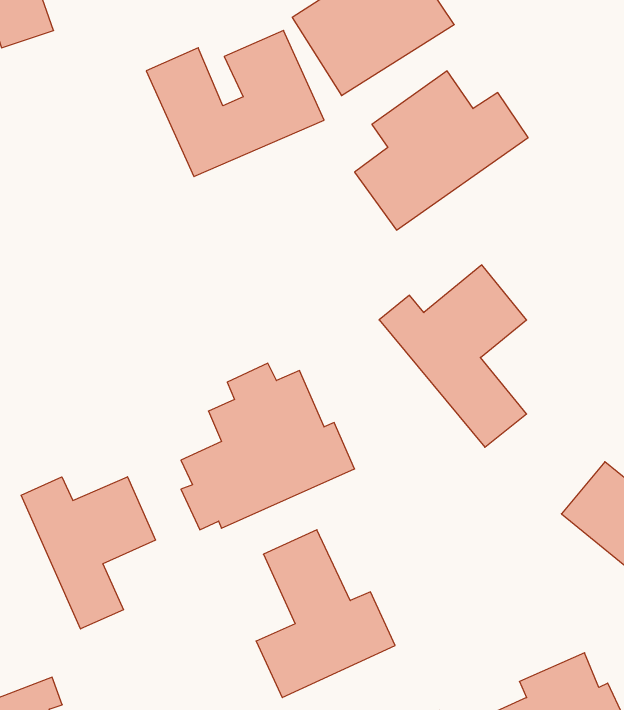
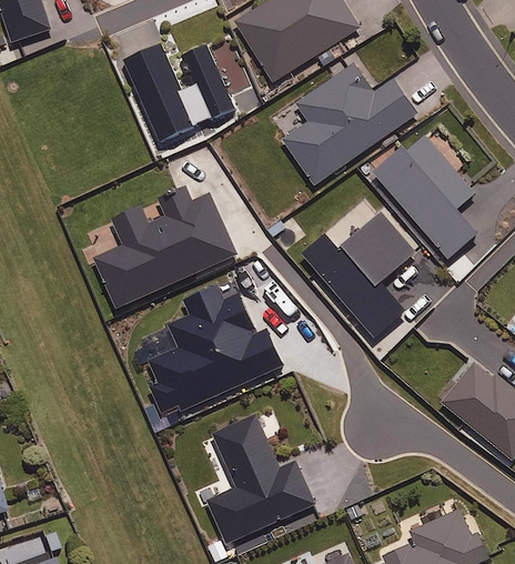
building: none -> [373,133,476,259]
building: none -> [83,188,235,306]
building: [21,477,156,629] -> none

